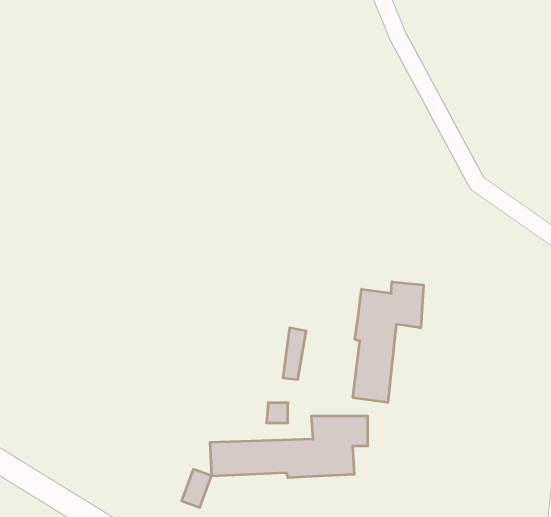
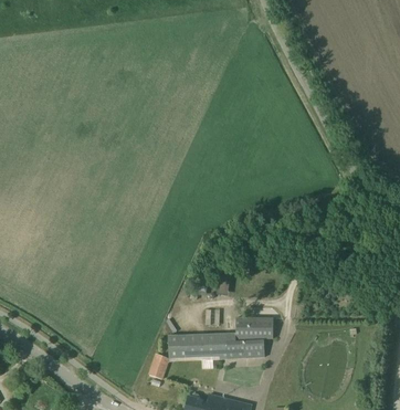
building: [353,282,423,402] -> none

